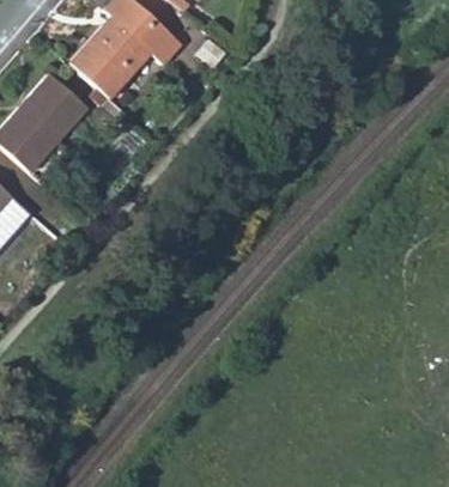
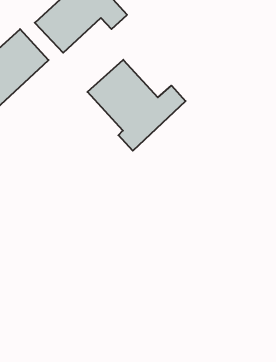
building: none -> [87,60,186,151]

